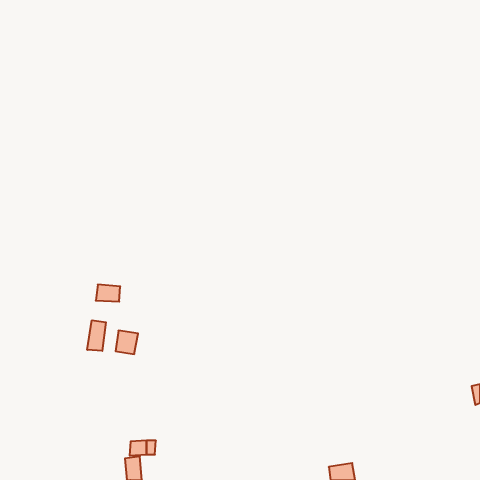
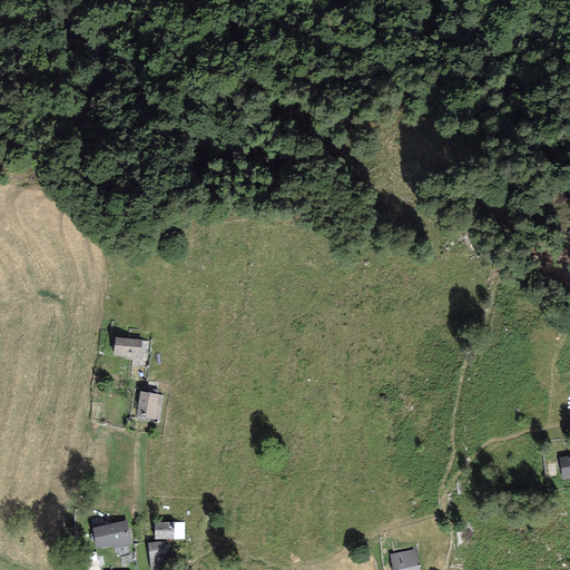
building: [87,320,106,351] -> none
building: none -> [92,521,131,549]

